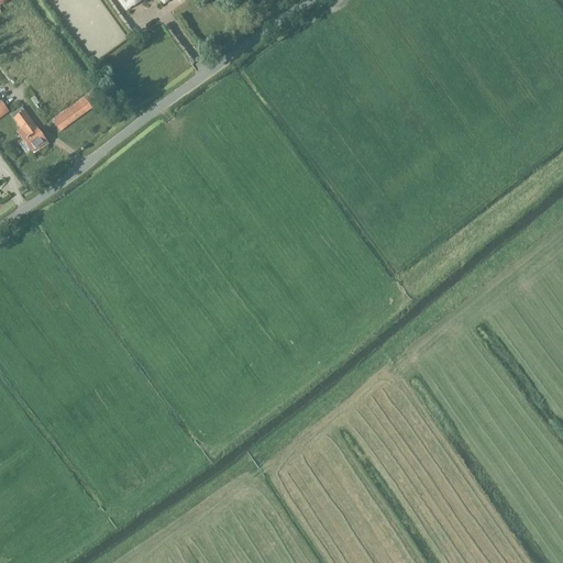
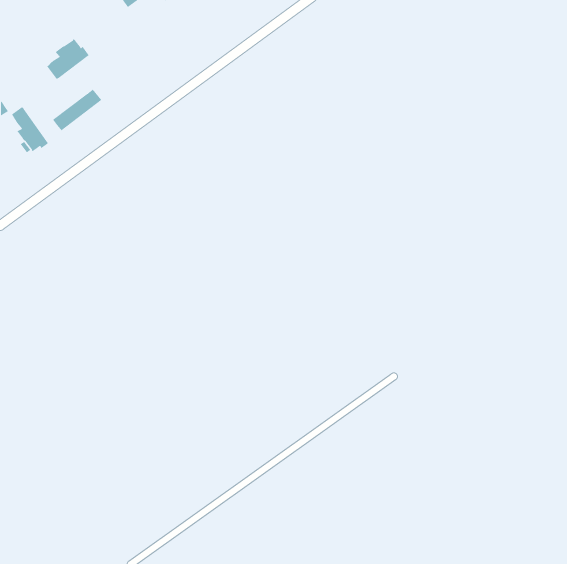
building: none -> [46,38,90,80]

